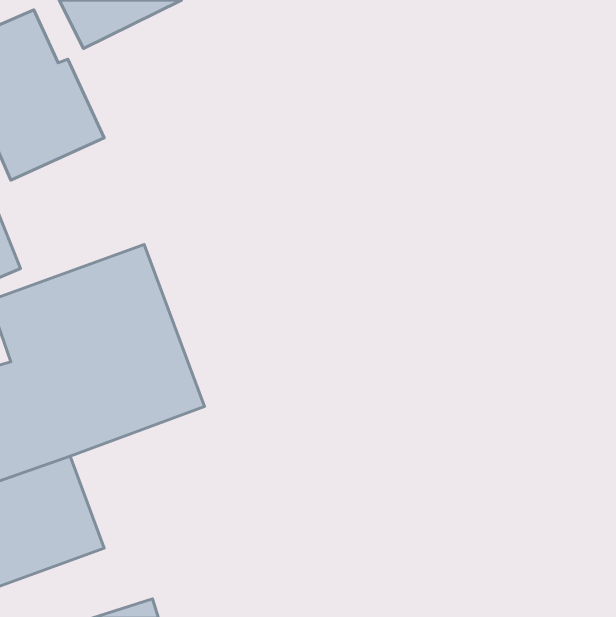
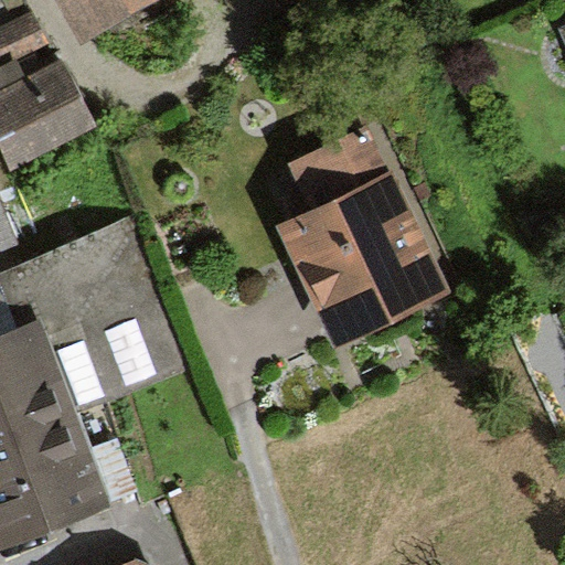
building: none -> [271,125,451,352]

